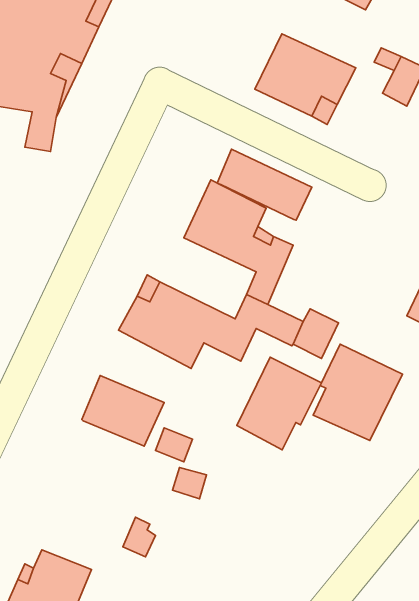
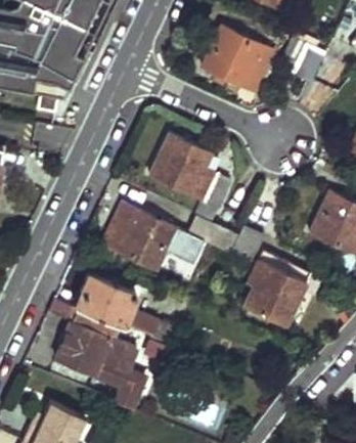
building: [217,149,312,220] -> none
building: [237,357,321,450] -> none
building: none -> [57,308,141,374]

